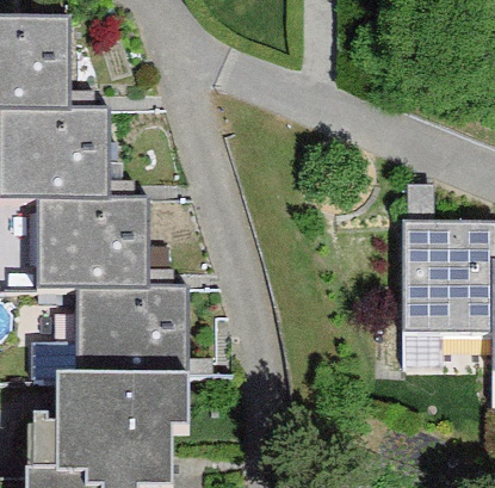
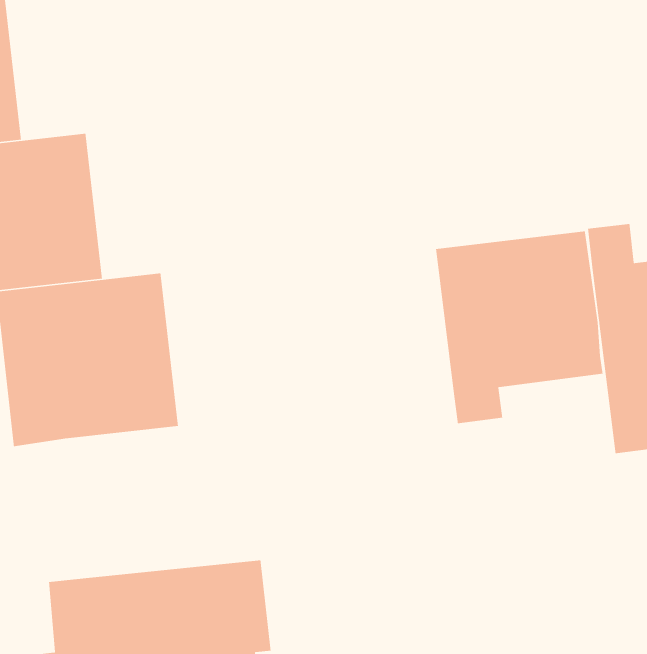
building: none -> [435,230,603,424]
building: [74,291,185,377] -> none

